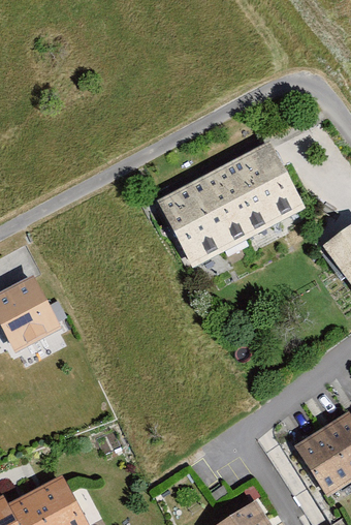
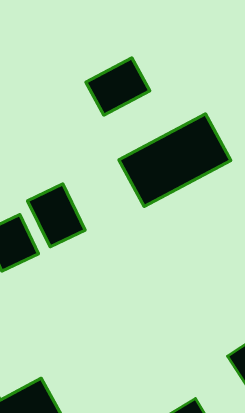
building: none -> [86,58,150,115]
building: none -> [28,184,85,247]

